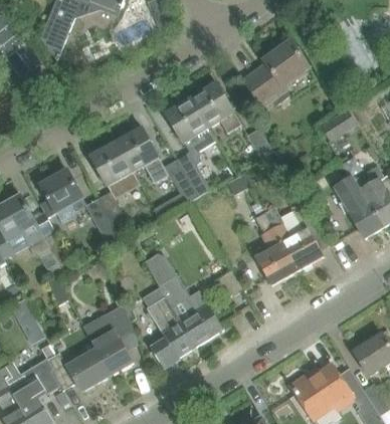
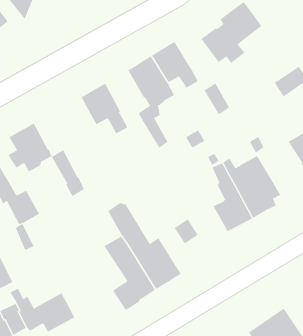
building: [90,142,140,224] -> none
building: [163,159,199,203] -> none
building: [83,303,134,375] -> none

